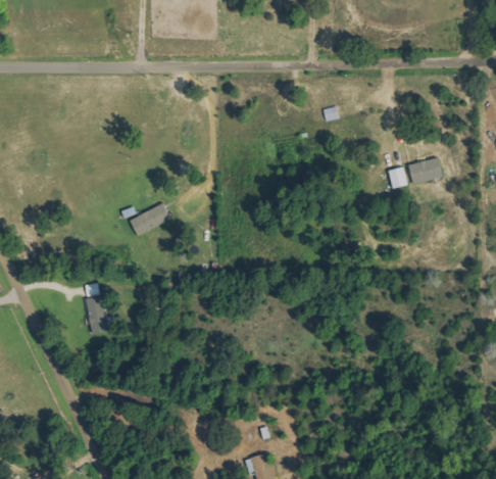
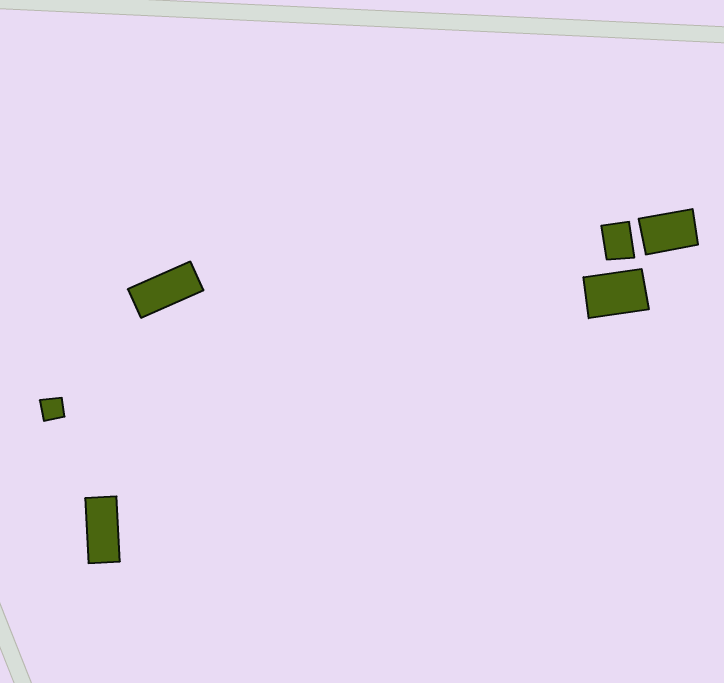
building: none -> [584,269,649,318]
building: [86,296,107,334] -> [85,496,120,563]

